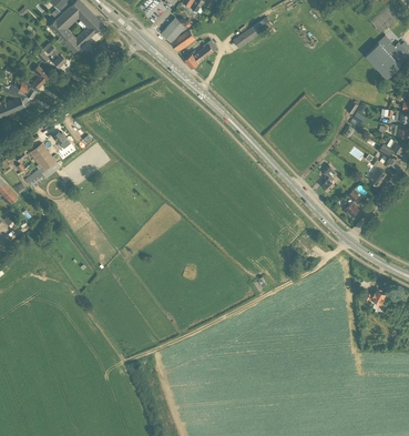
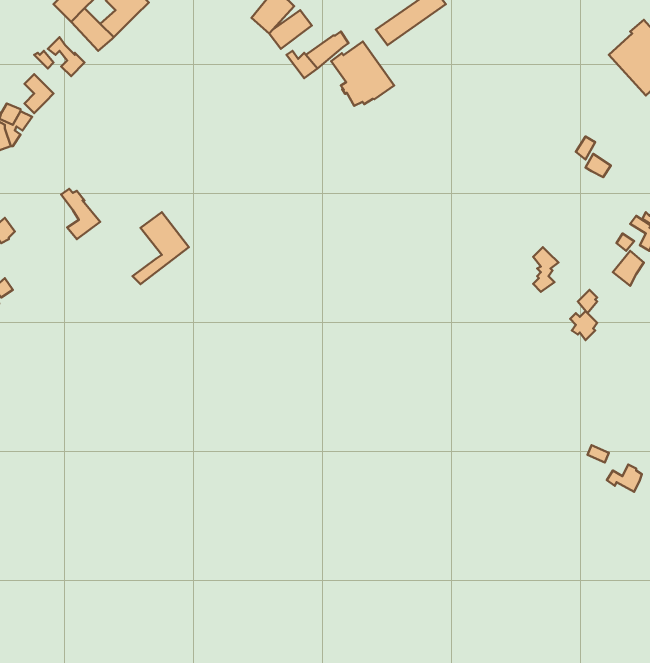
building: none -> [331,42,394,106]
building: [24,143,57,184] -> [133,212,189,284]

